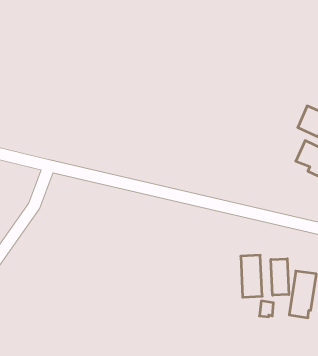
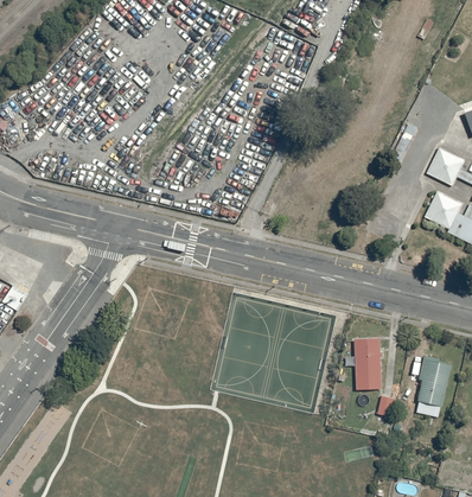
building: [271,259,289,295] -> none

